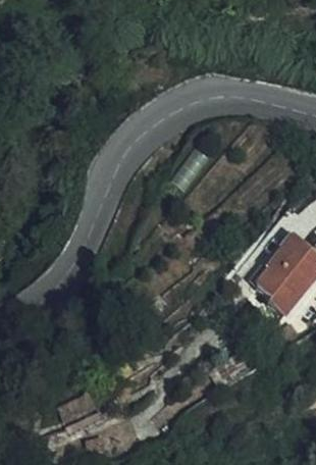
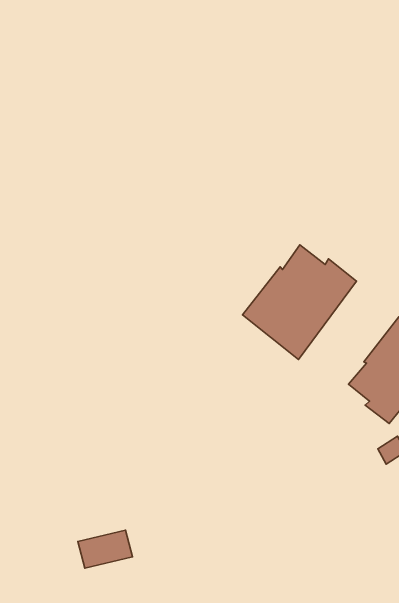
building: none -> [243,245,356,360]

